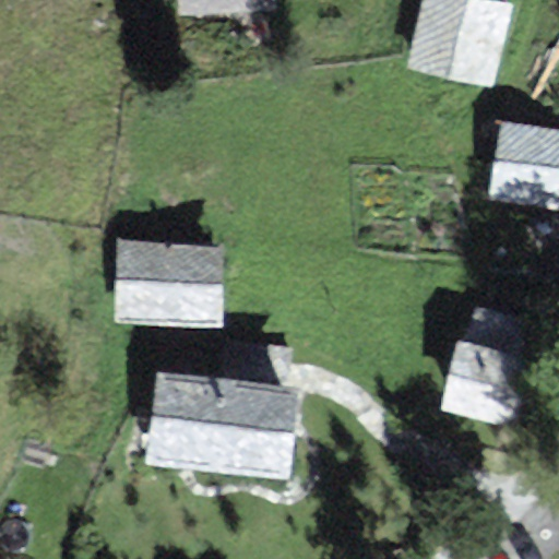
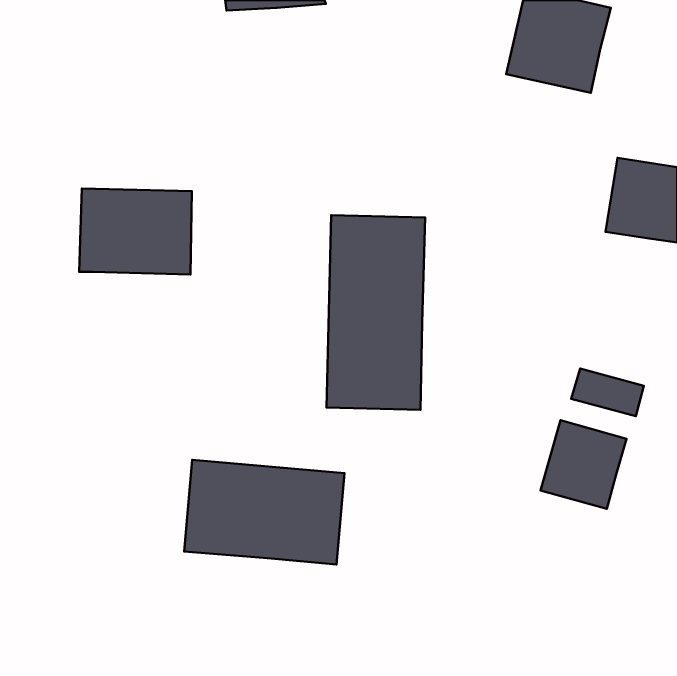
building: none -> [326,215,425,410]
building: [118,251,211,322] -> [79,188,192,275]

